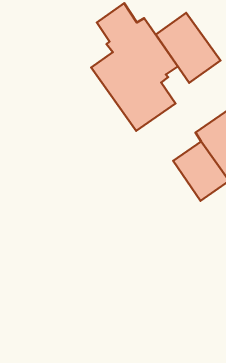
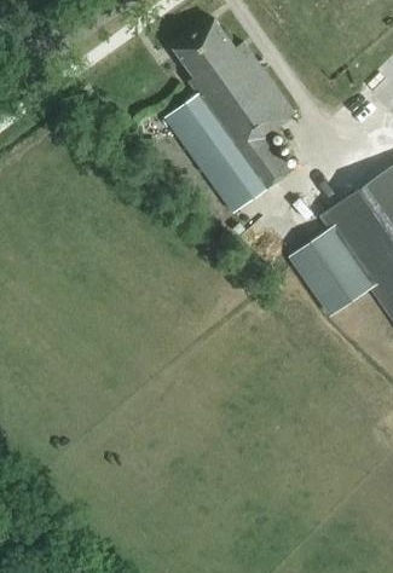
building: [156,13,221,83] -> none

